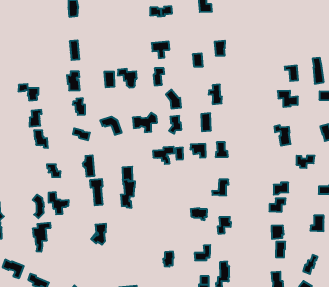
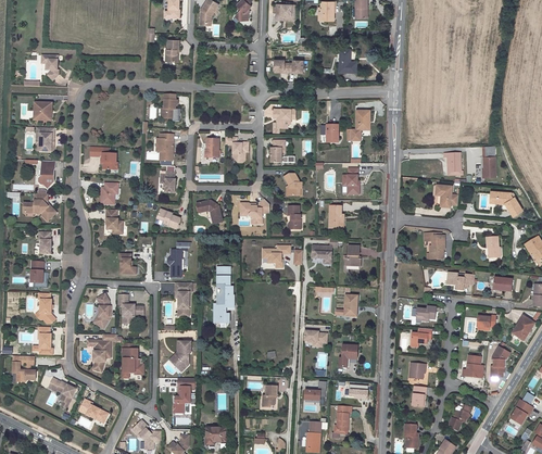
building: none -> [122,342,142,376]
building: none -> [172,377,193,413]

